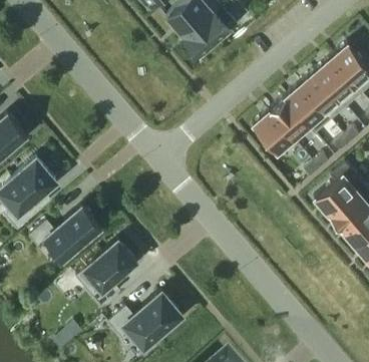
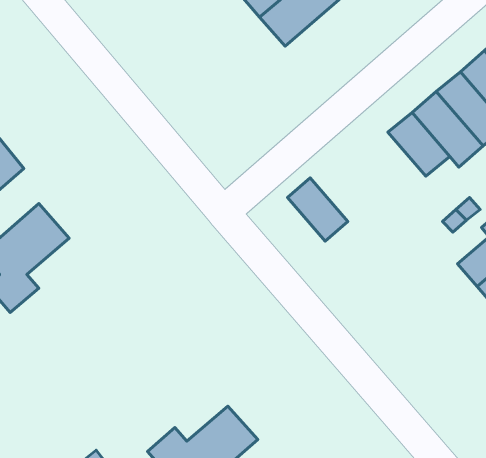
building: [252,111,292,153] -> [287,178,348,241]
building: [28,207,99,260] -> none
building: [75,241,135,307] -> none

